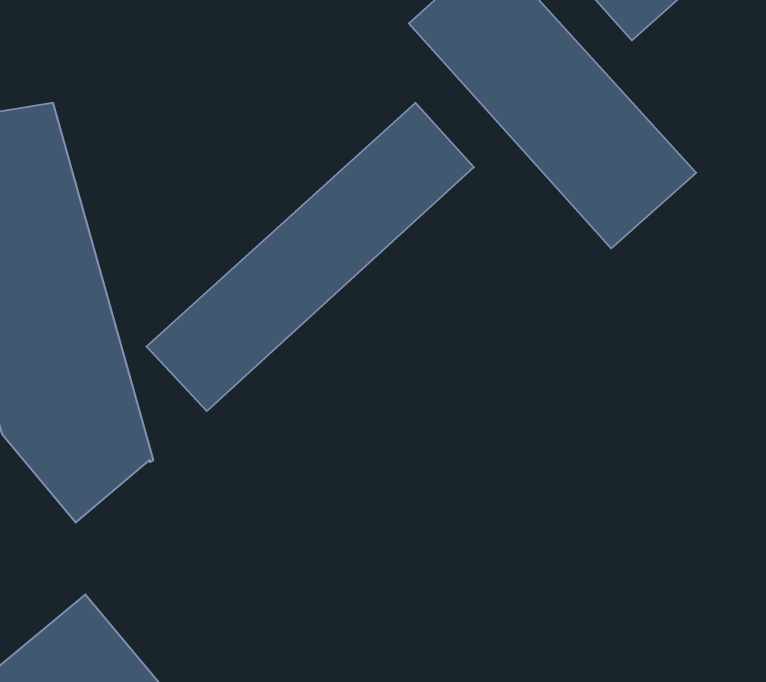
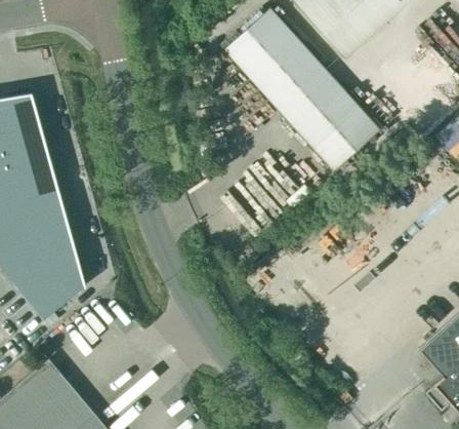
building: [146,103,474,411] -> none

